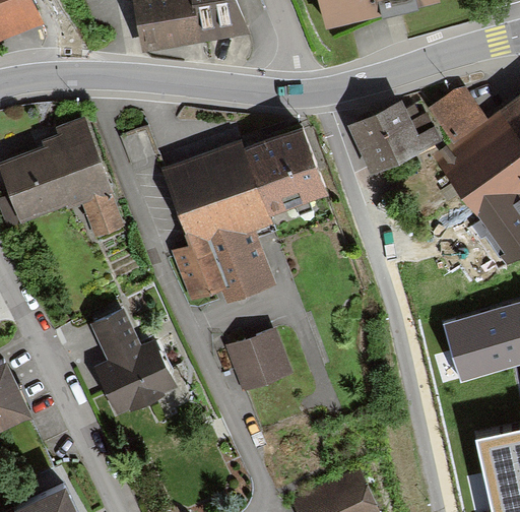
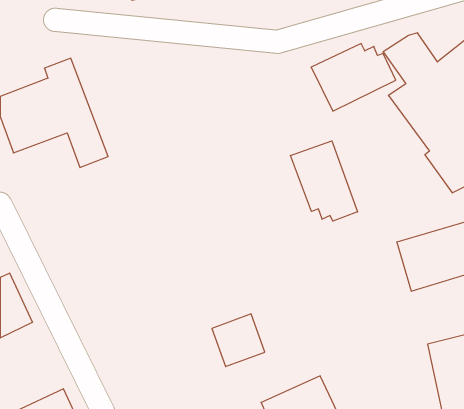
building: [159,135,319,302] -> none
building: none -> [290,141,358,221]
building: [91,311,172,412] -> none
building: [226,329,285,388] -> [212,314,265,367]

